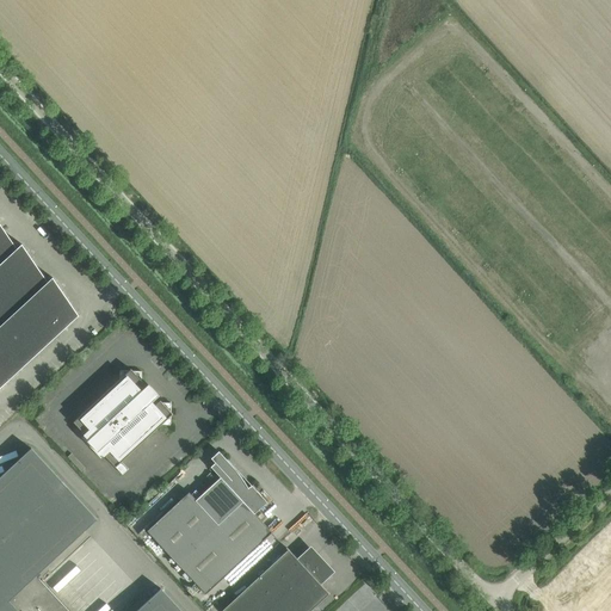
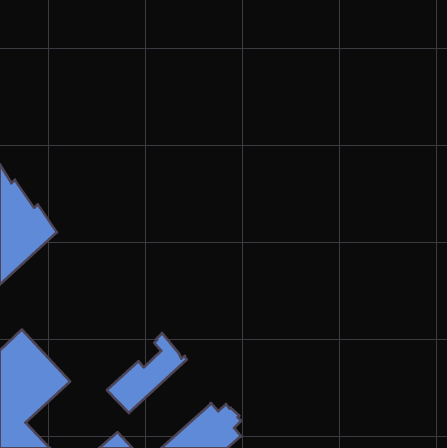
building: [73,369,172,467] -> none
building: [175,489,271,594] -> none

